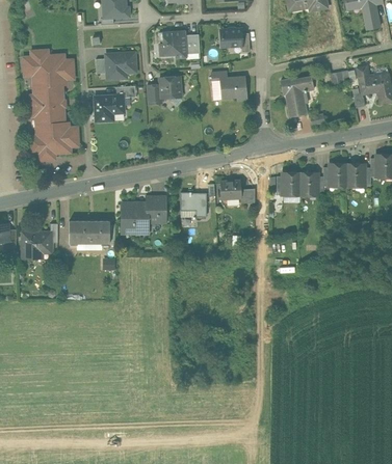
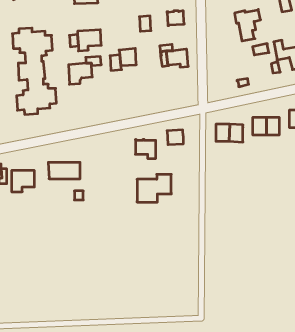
building: [159,31,186,57] -> none
building: [281,76,314,116] -> [235,9,261,41]
building: [122,197,165,233] -> [137,174,171,202]

